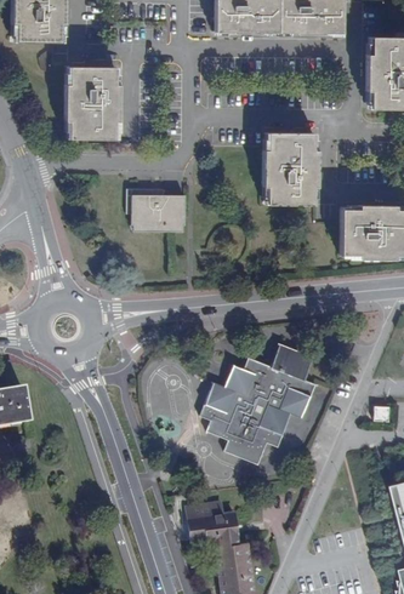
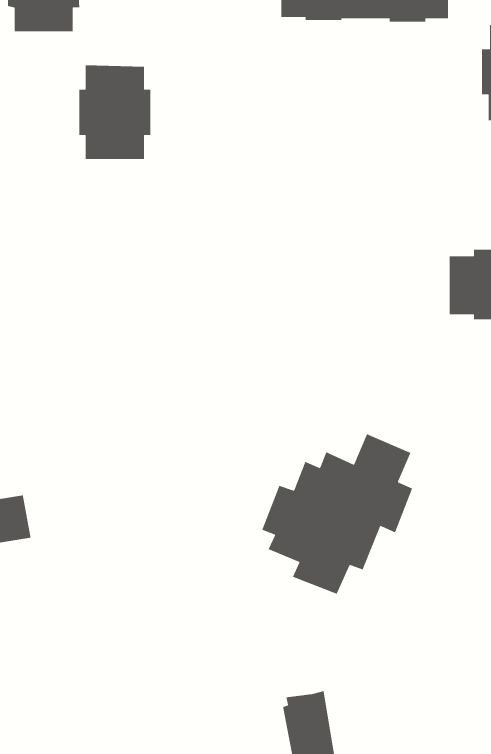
building: [262,130,318,204] -> none
building: [127,187,186,230] -> none
building: [188,499,239,541] -> none

